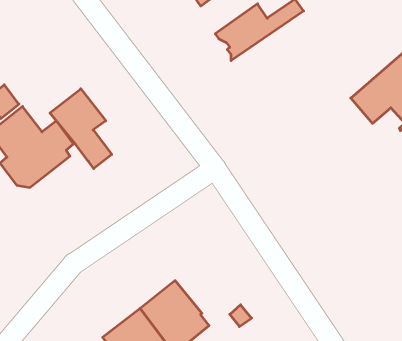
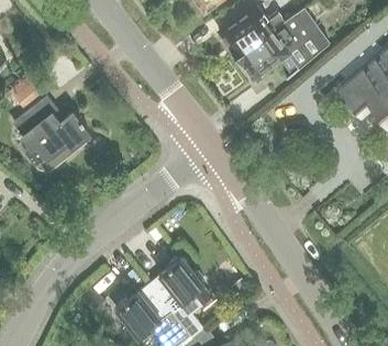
building: none -> [232,7,330,78]
building: [50,89,112,169] -> none

